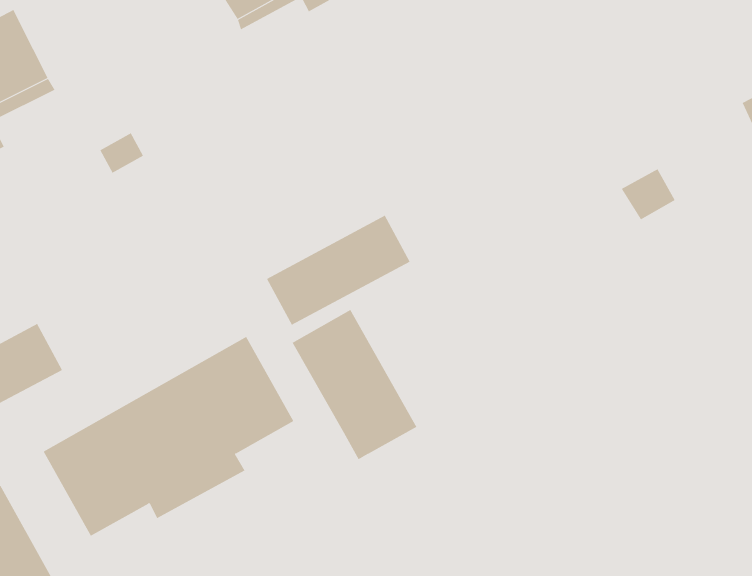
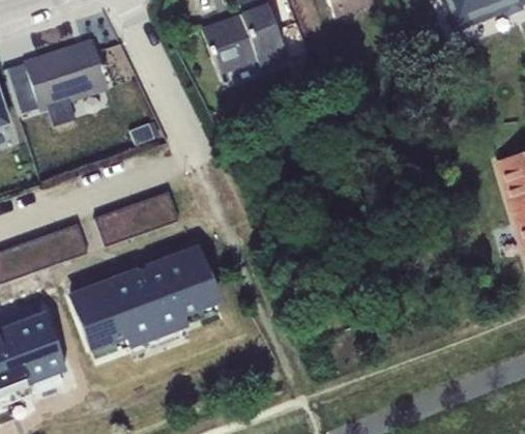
building: [266,215,411,326] -> [94,191,178,245]
building: [292,309,417,460] -> none

